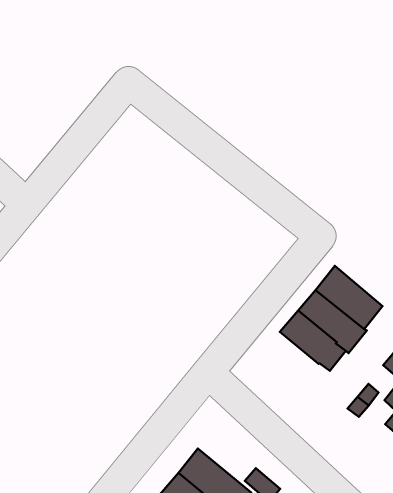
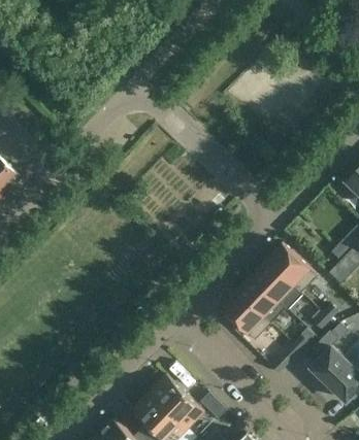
building: none -> [220,290,272,340]

